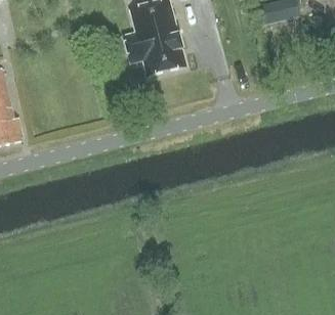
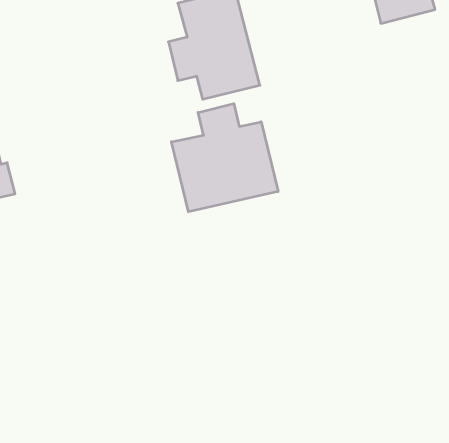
building: none -> [171,104,278,212]

